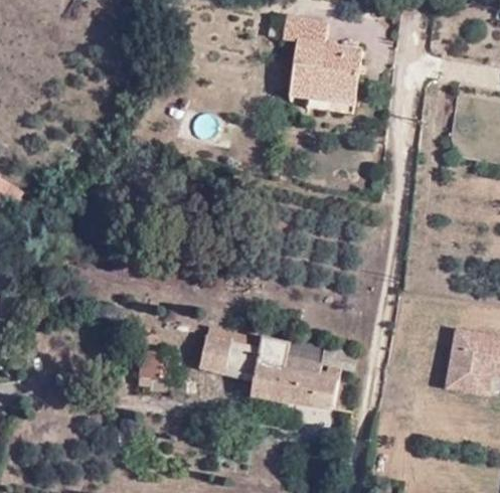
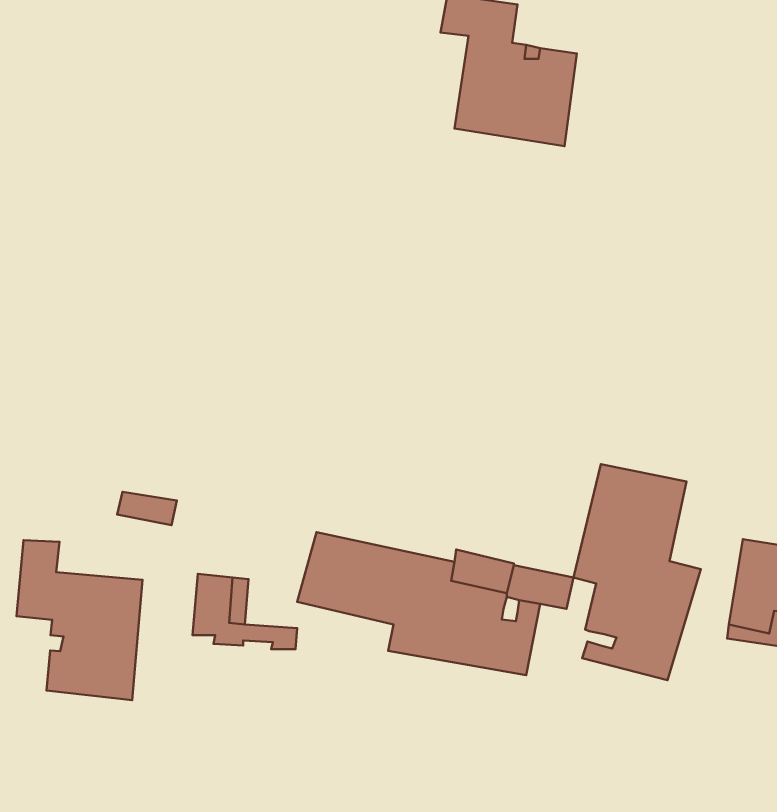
building: none -> [573,464,701,680]
building: none -> [16,540,142,700]

